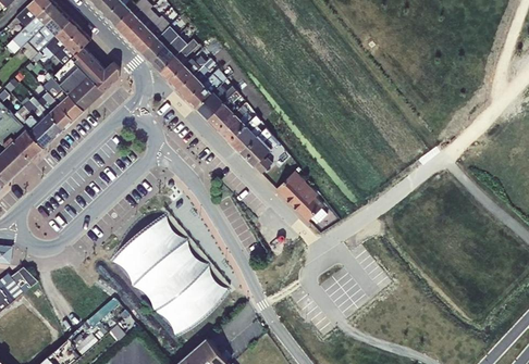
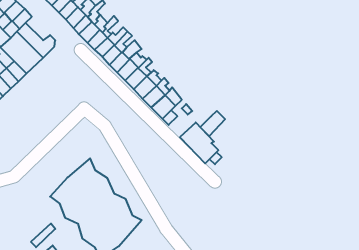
building: none -> [200,111,225,136]

